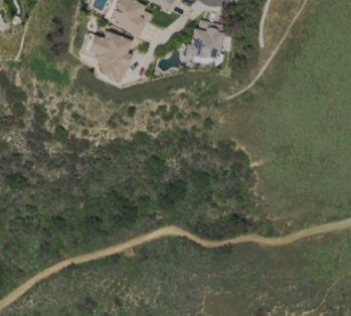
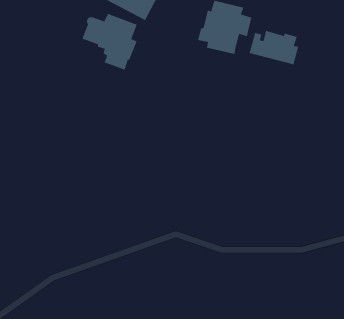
building: none -> [249,30,299,65]

